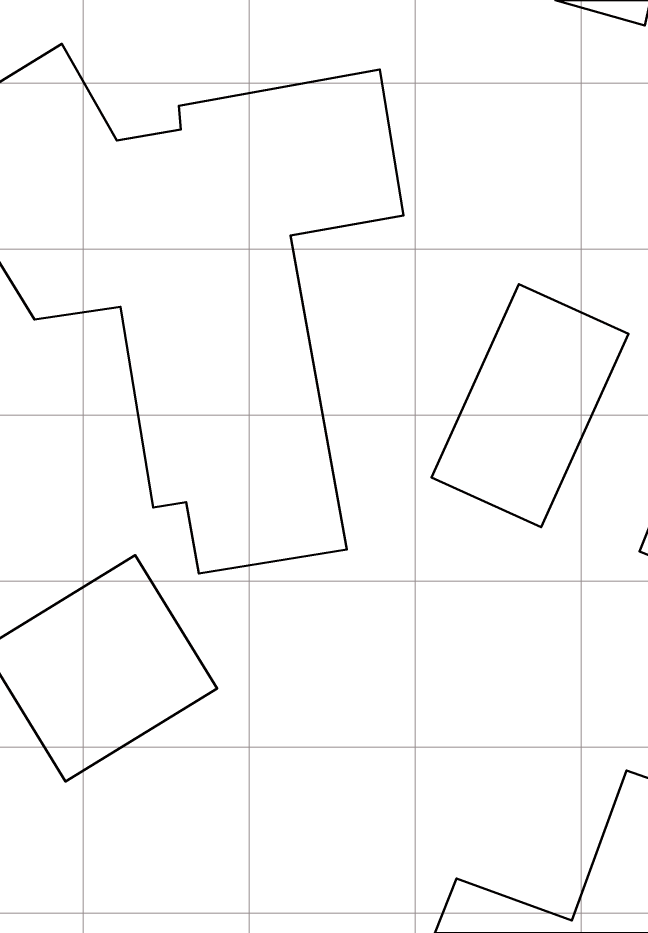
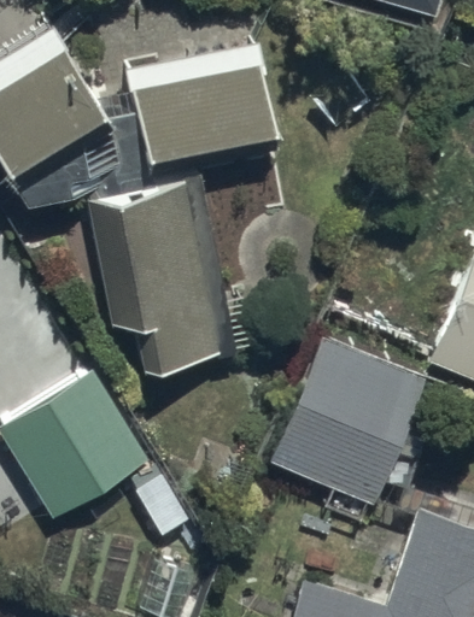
building: [432,284,628,527] -> none
building: none -> [270,336,428,504]

